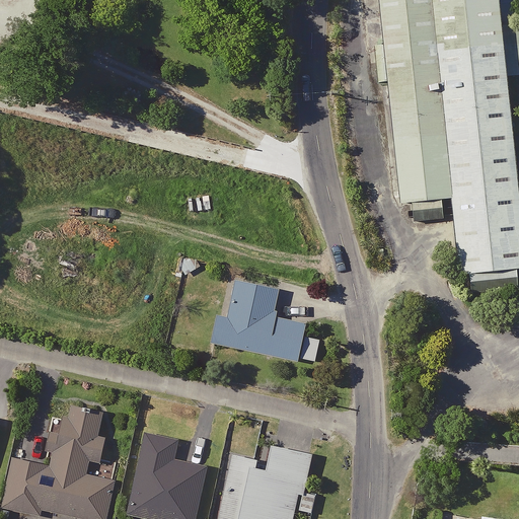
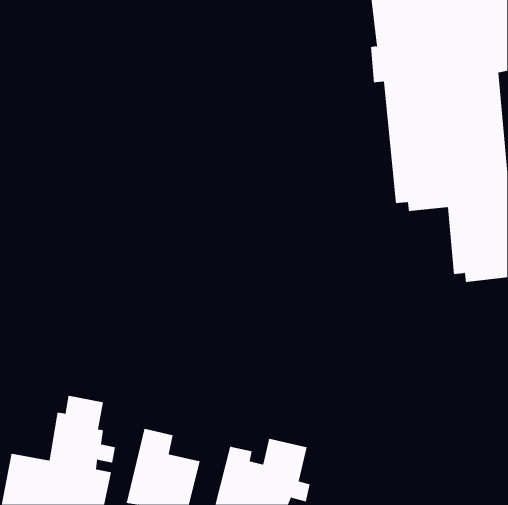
building: [211,282,309,365] -> none

